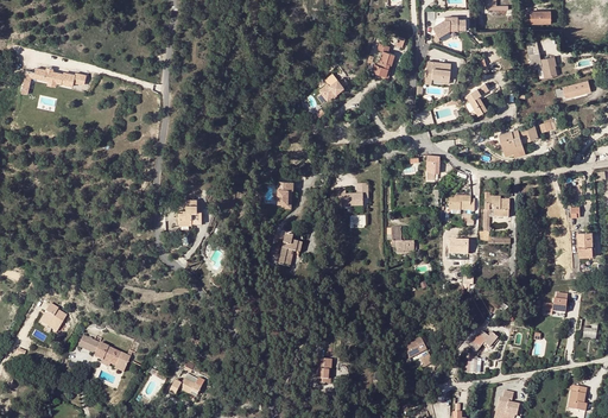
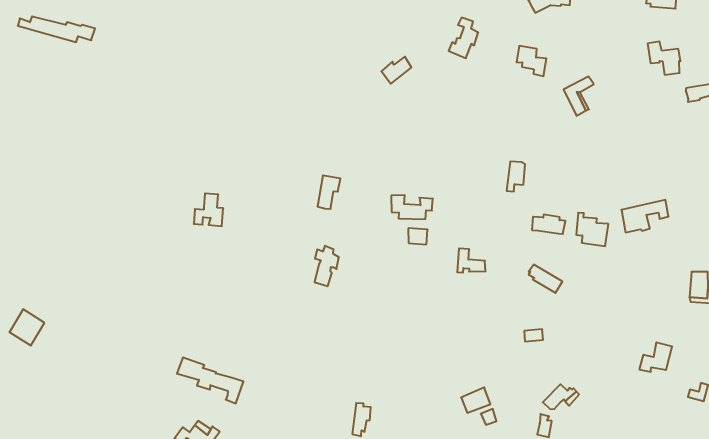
building: [499,125,537,153] -> [621,200,669,232]
building: [76,334,129,367] -> [177,358,244,403]

